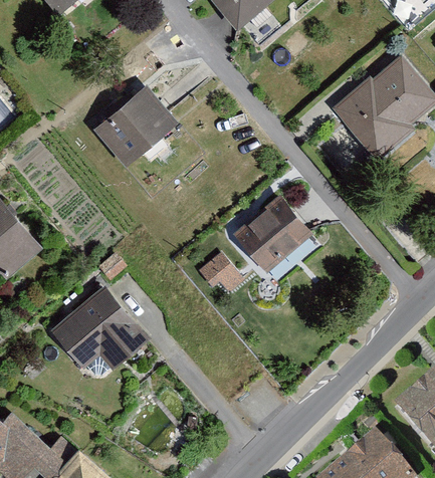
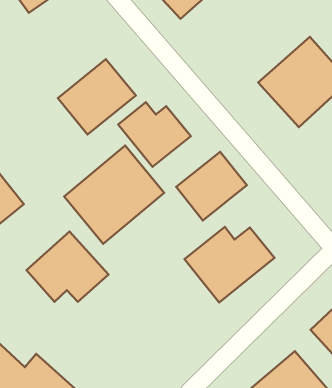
building: none -> [118,102,191,167]
building: none -> [64,146,164,244]
building: [201,253,242,296] -> none
building: none -> [184,227,275,302]

